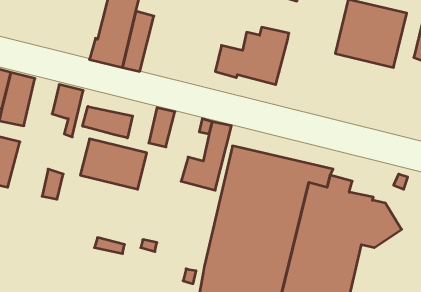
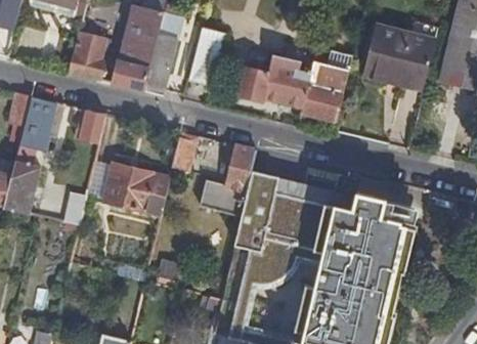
building: none -> [188,28,225,87]
building: none -> [68,34,105,80]
building: none -> [300,62,347,122]
building: [83,106,133,138] -> none

